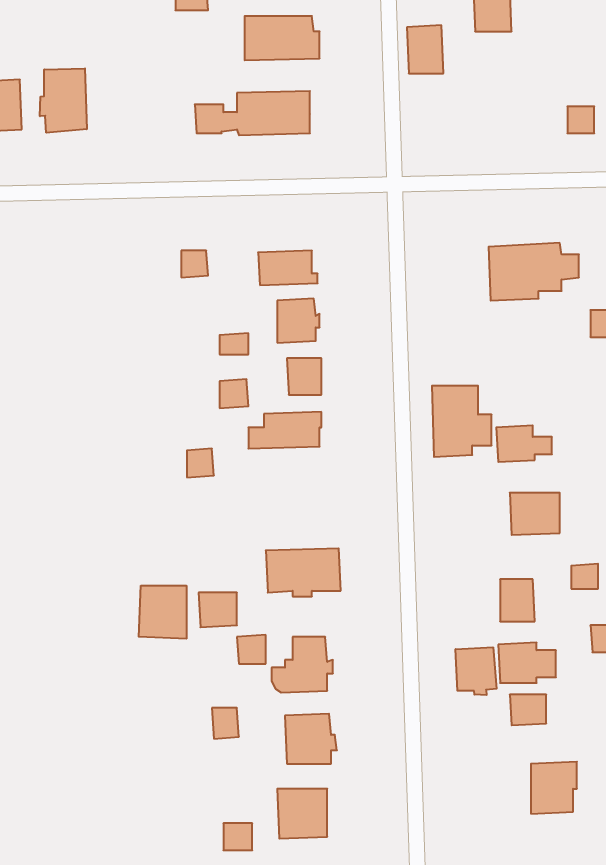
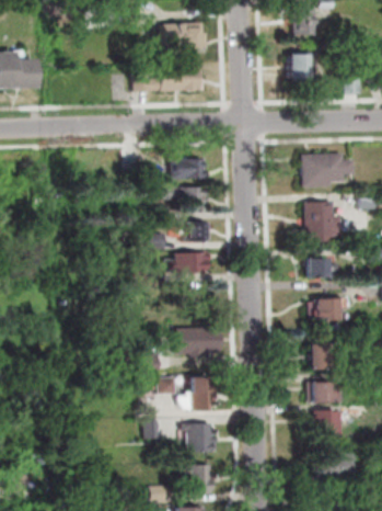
building: [407,25,443,73] -> [289,54,310,81]
building: [40,68,87,133] -> none
building: [432,386,492,457] -> [306,201,340,241]
building: [139,586,186,639] -> none
building: [456,647,497,695] -> none

